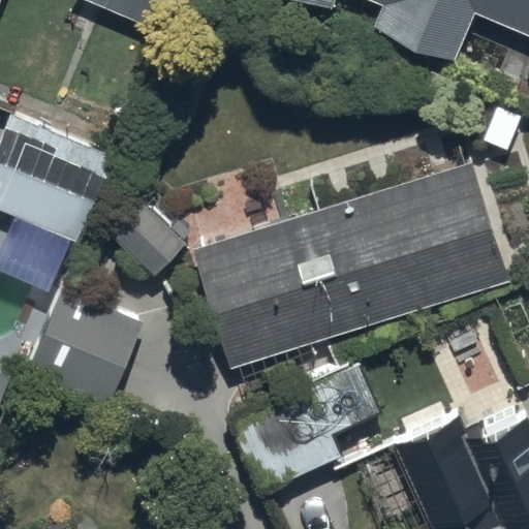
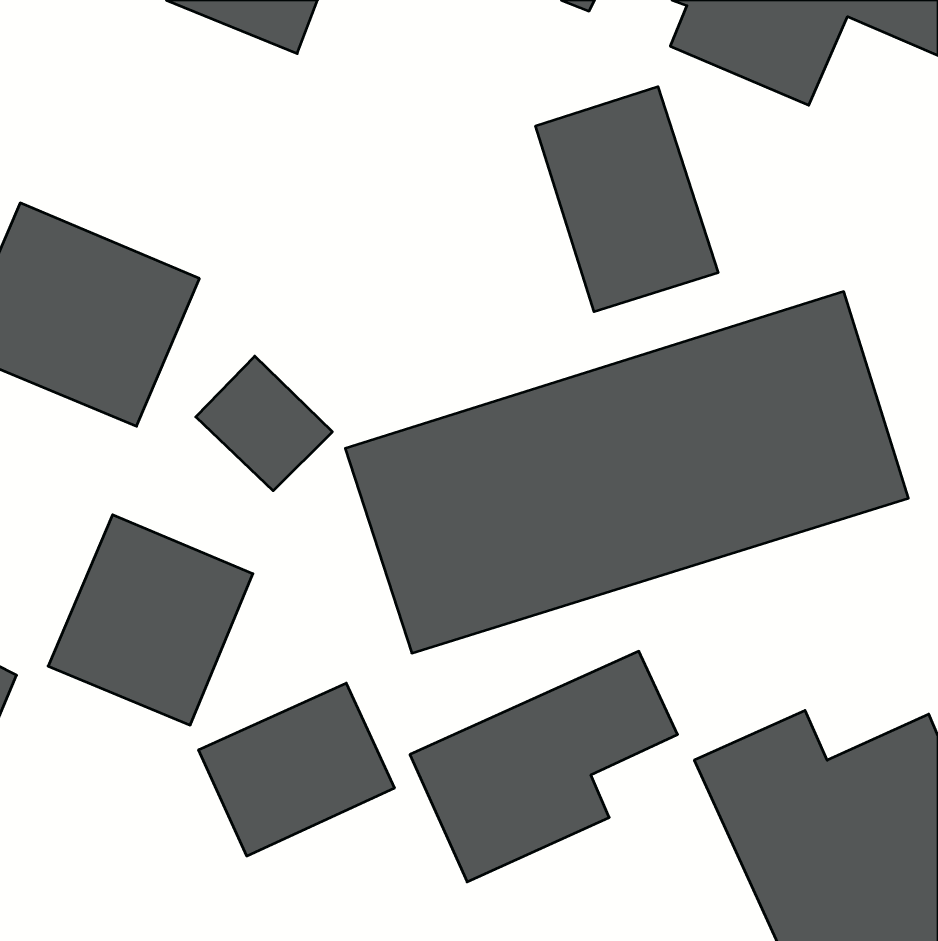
building: none -> [536,87,718,312]
building: none -> [199,683,394,856]

